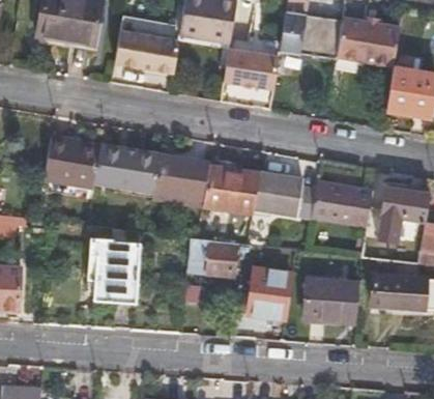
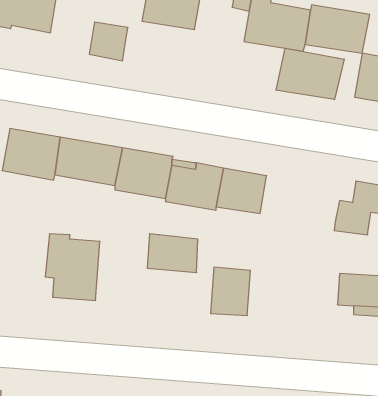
building: [224,40,263,79] -> none
building: none -> [276,48,344,100]
building: [309,181,372,226] -> none
building: [302,280,358,320] -> none

